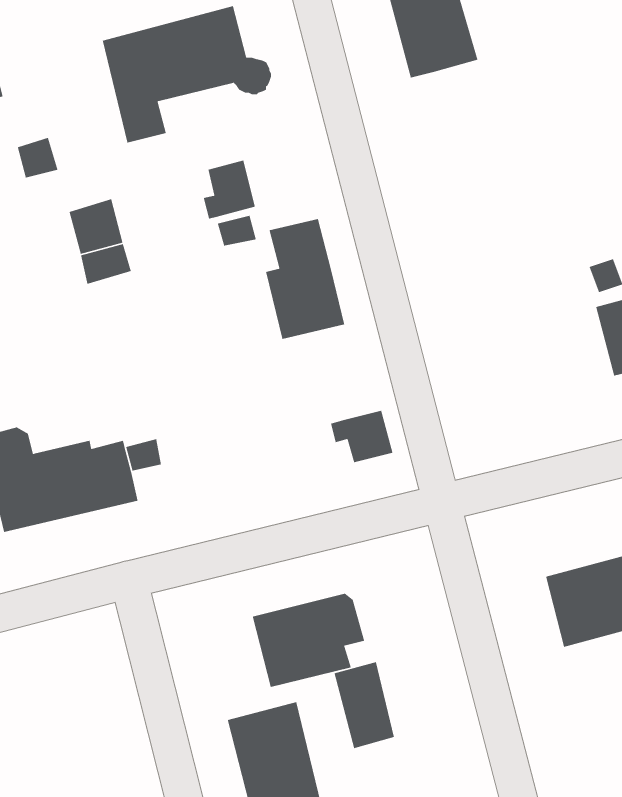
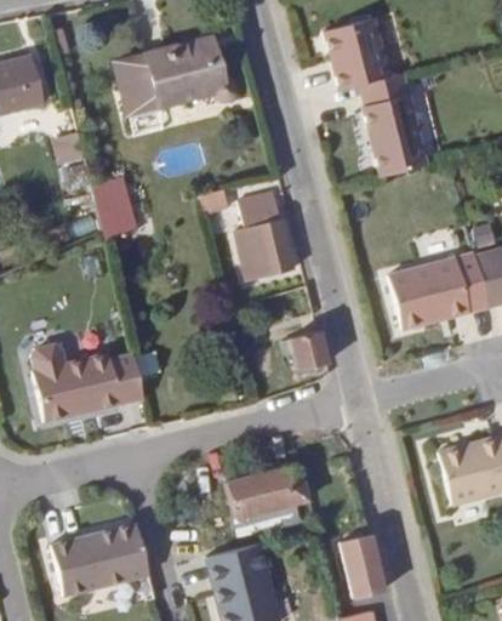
building: none -> [360,74,427,176]
building: [203,160,256,219] -> none
building: none -> [388,253,489,329]
building: [333,661,395,749] -> [340,534,384,598]
building: none -> [51,523,149,596]

